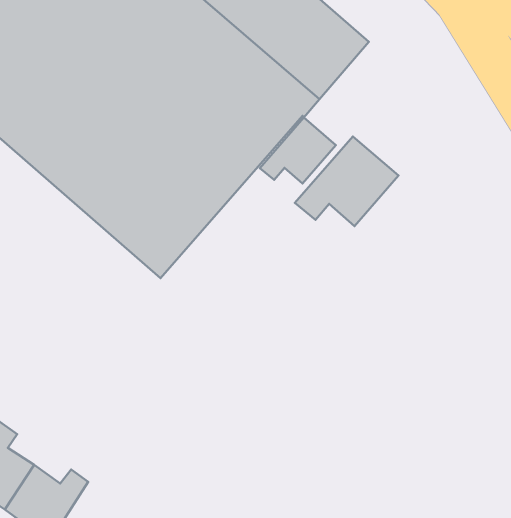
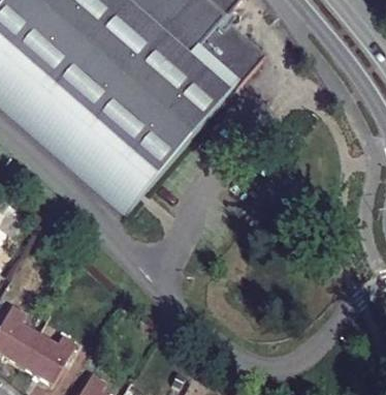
building: [260,118,336,184] -> none
building: [295,136,399,226] -> none

